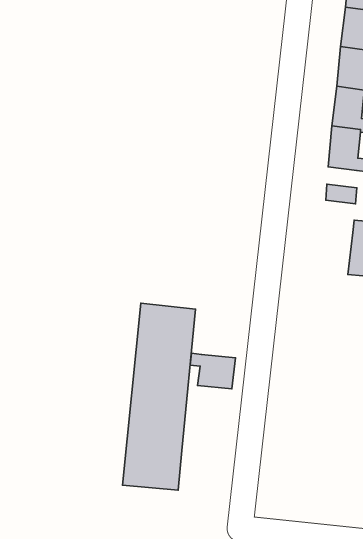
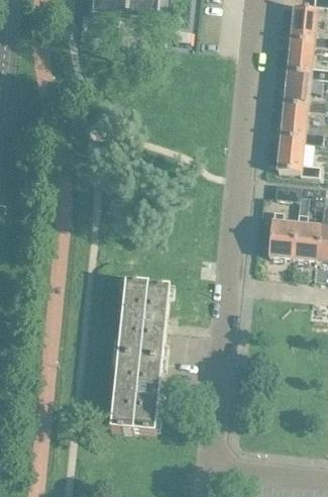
building: none -> [267,208,297,256]
building: [190,353,236,389] -> none

